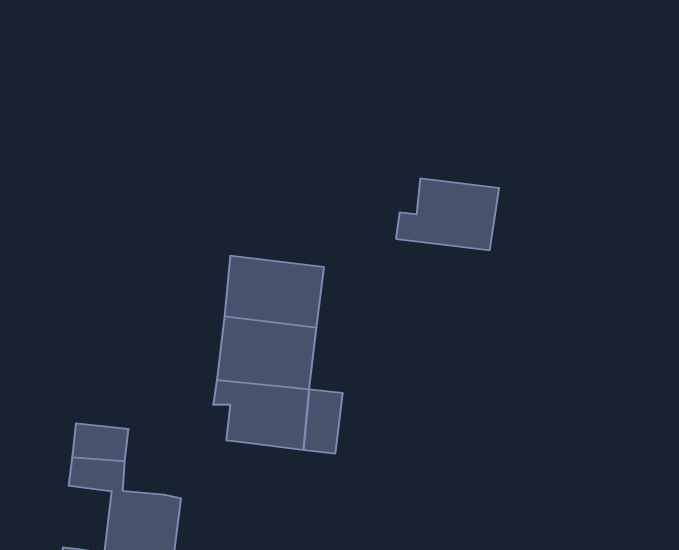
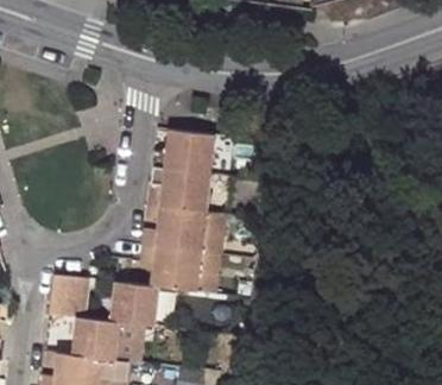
building: [396,179,499,250] -> [152,132,217,177]
building: none -> [110,283,160,327]

